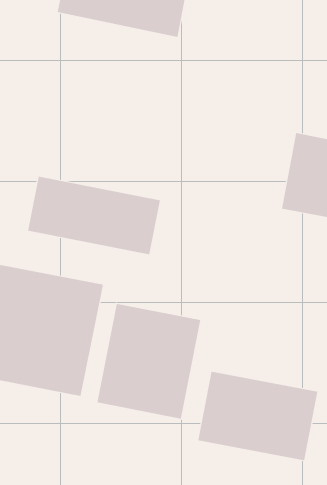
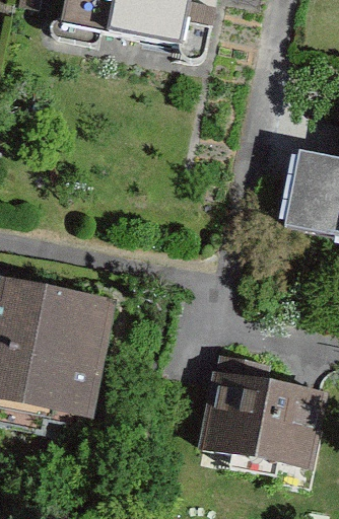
building: [28,176,160,255] -> none
building: [97,303,201,419] -> none

